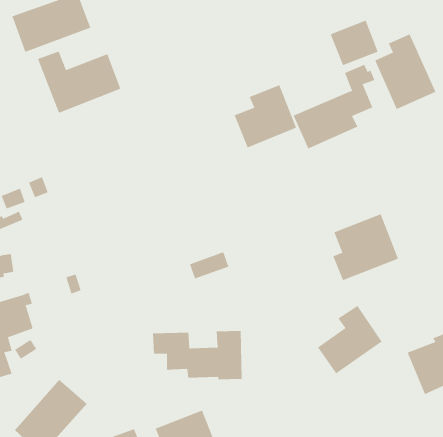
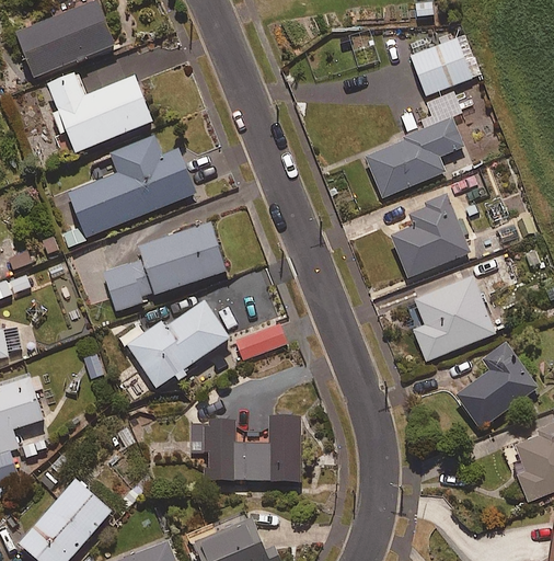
building: [374,33,436,110] -> none
building: [234,84,297,148] -> [391,197,469,276]
building: none -> [68,135,195,234]
building: none -> [102,222,226,306]
building: none -> [126,301,229,387]
building: [317,305,383,374] -> [455,342,536,427]

